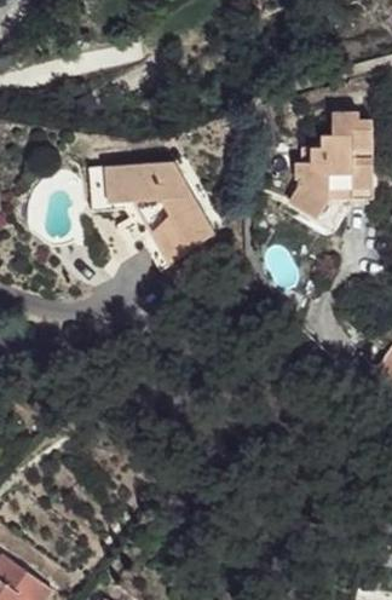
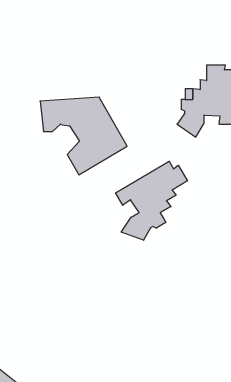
building: none -> [116,161,187,240]

